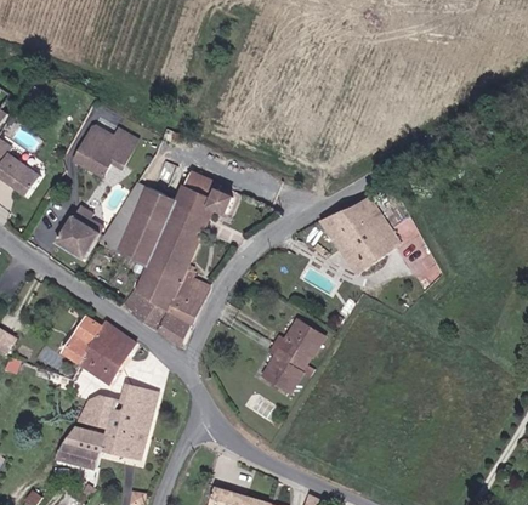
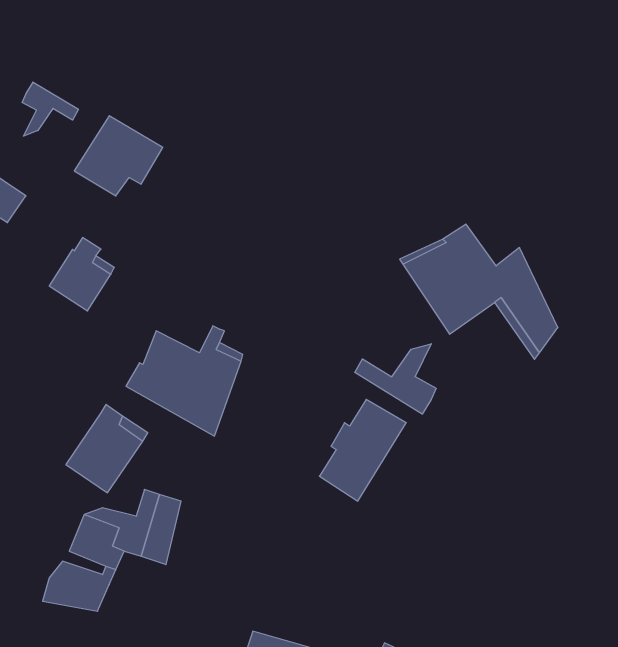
building: none -> [22,82,78,136]
building: [104,169,226,286] -> none
building: none -> [355,344,436,414]
building: [59,320,98,368] -> none
building: [104,431,146,464] -> none

